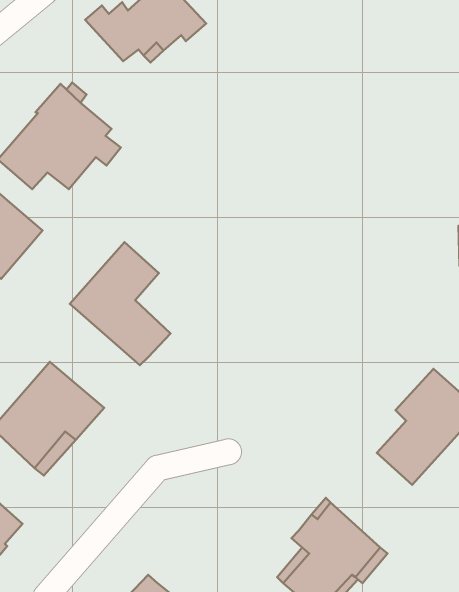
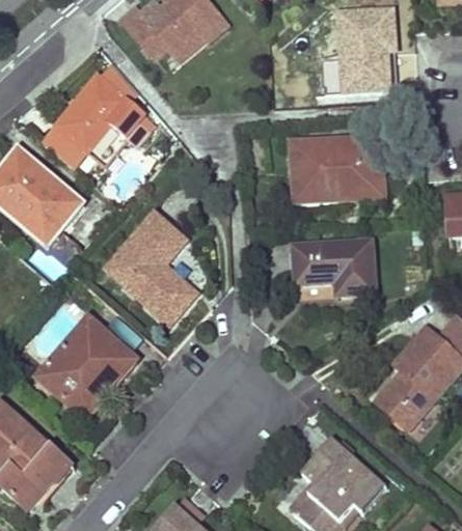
building: none -> [341,8,393,89]
building: none -> [292,136,383,200]
building: none -> [294,240,374,291]

